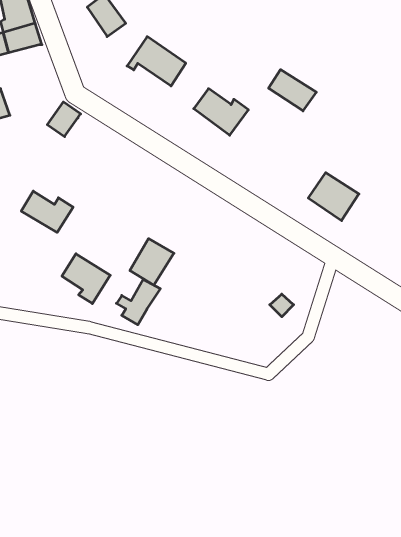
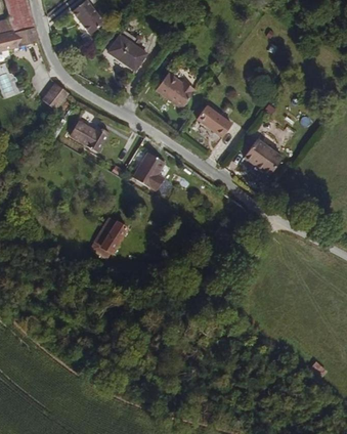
building: [269,70,316,111] -> [196,105,232,137]
building: [21,191,73,232] -> [69,120,109,151]
building: [130,239,174,285] -> [133,153,167,188]
building: [62,254,110,304] -> none

